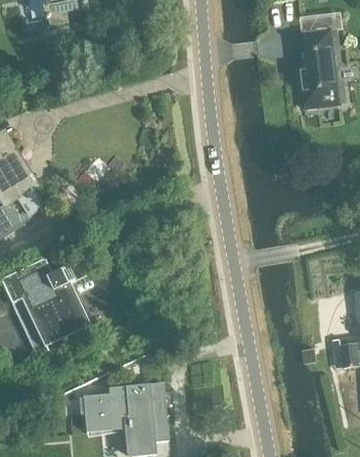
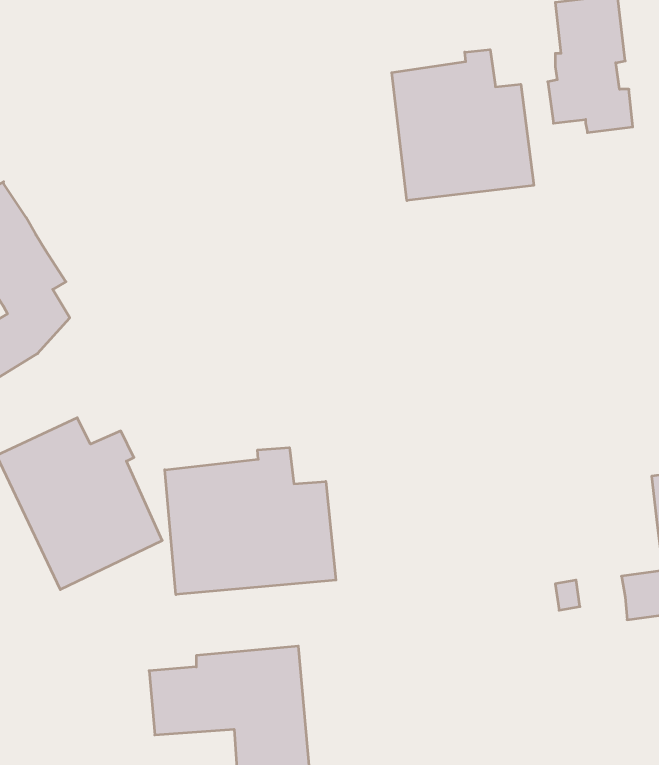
building: none -> [392,50,534,201]
building: none -> [165,448,336,595]

